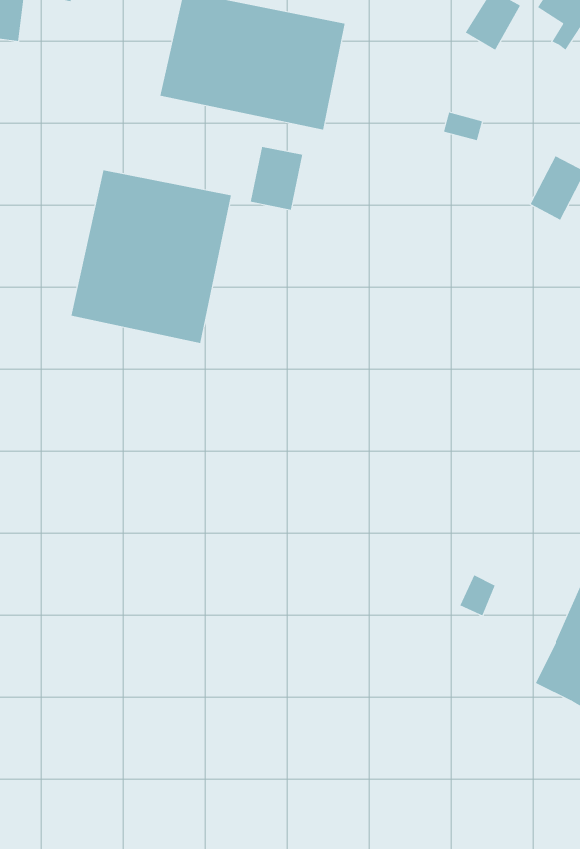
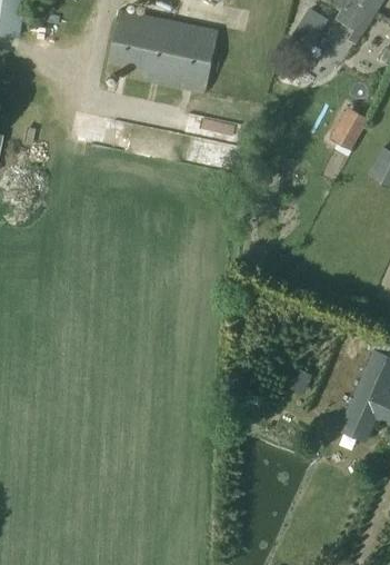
building: [250,146,303,210] -> none
building: [71,169,232,344] -> none

